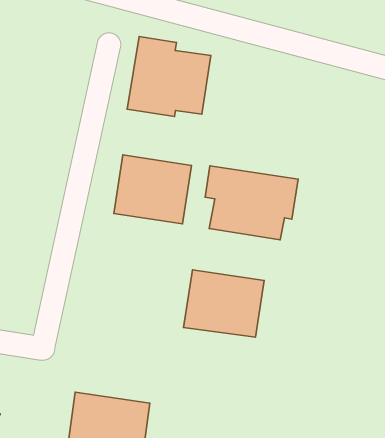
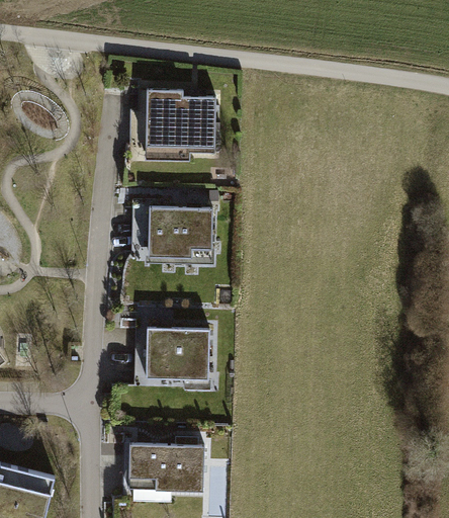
building: [205,166,298,240] -> none
building: [184,270,264,337] -> [141,326,213,383]

